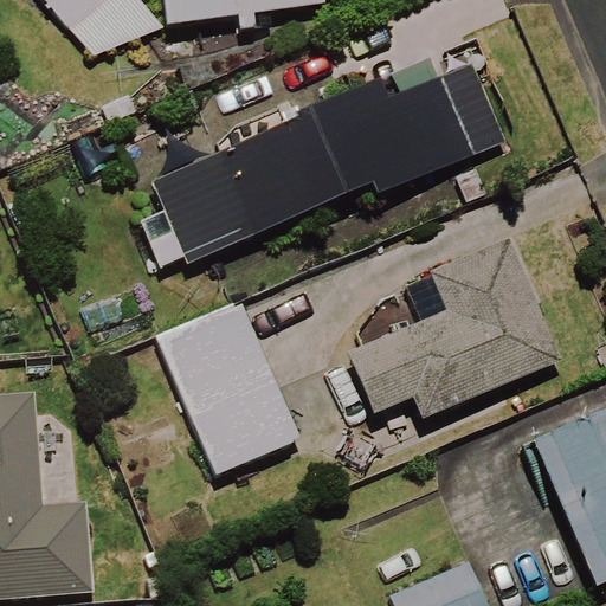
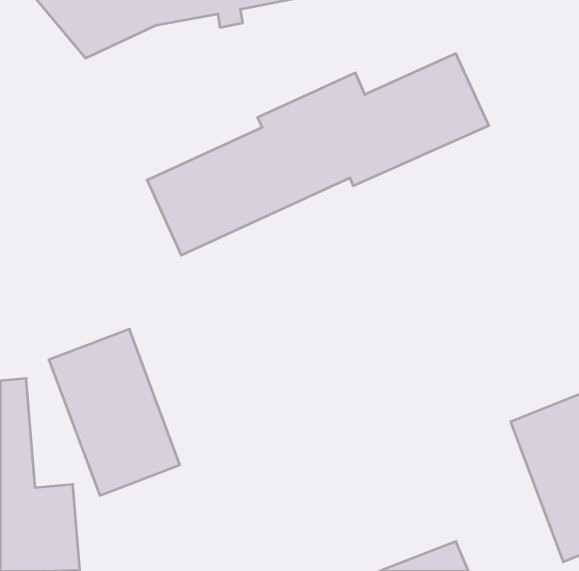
building: [343,244,554,415] -> none
building: [157,299,294,472] -> [49,329,180,495]

